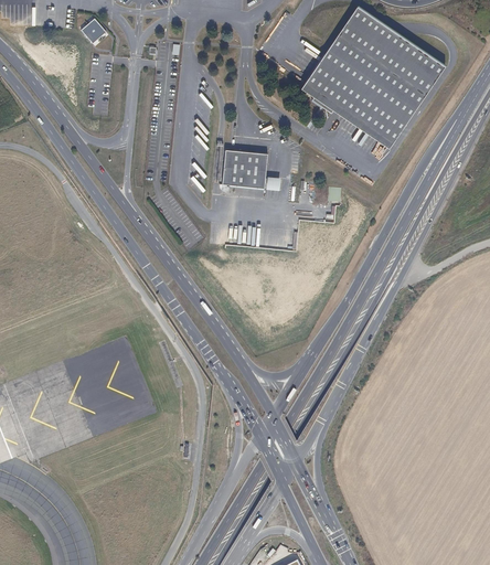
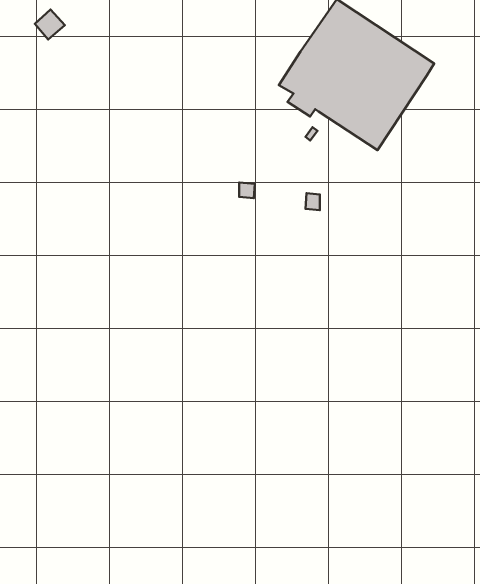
building: [219,148,264,186] -> none

